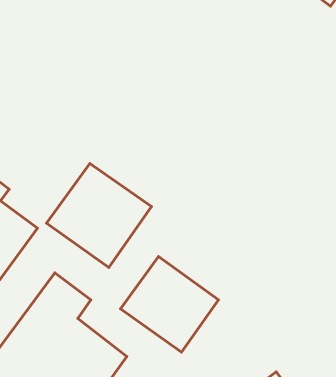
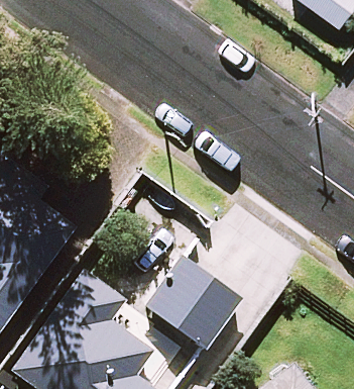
building: [47,163,152,268] -> none

